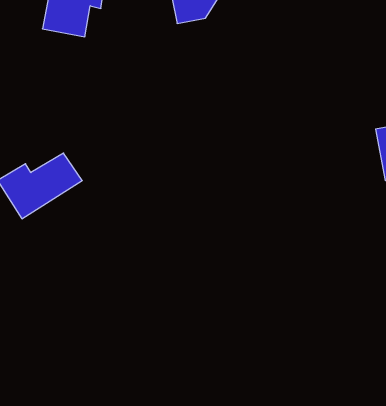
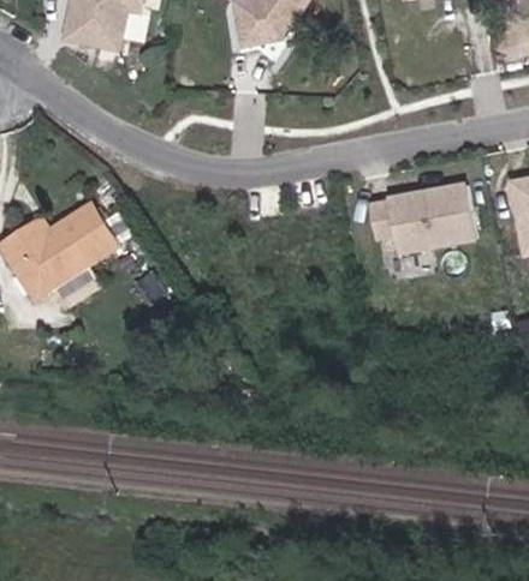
building: none -> [370,180,475,247]

